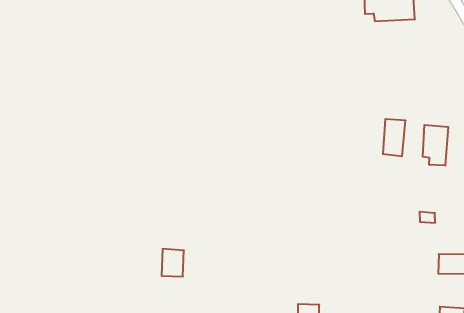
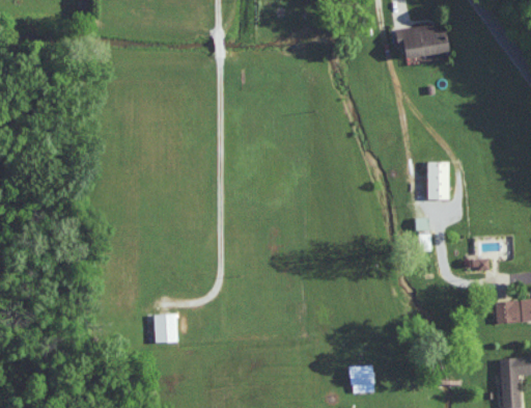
building: [423,125,448,166] -> none
building: [162,249,184,277] -> [153,315,177,344]

